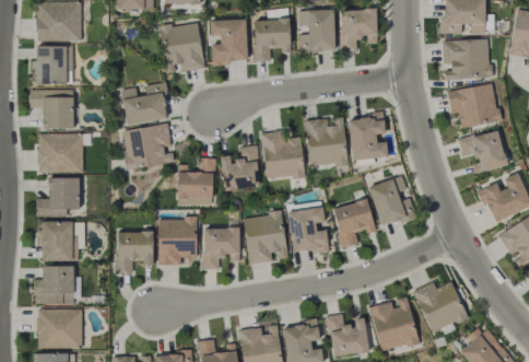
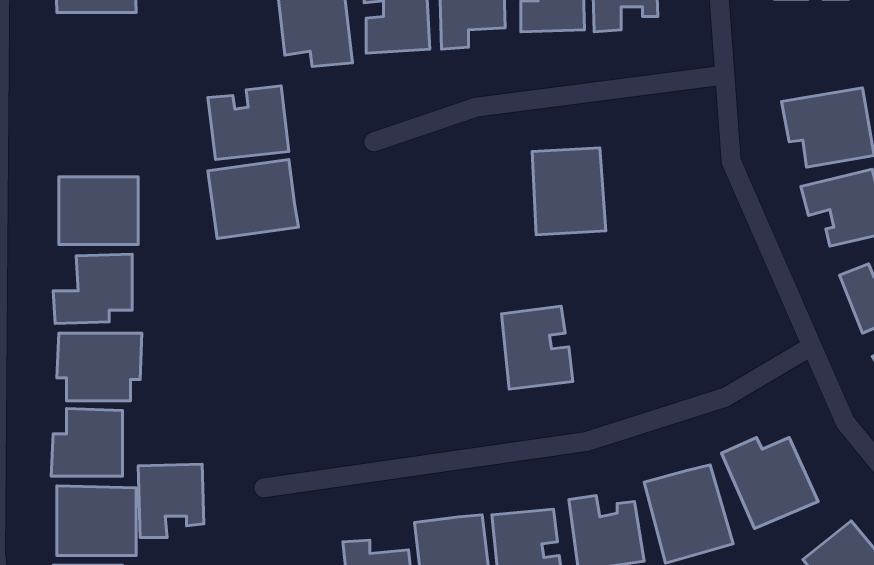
building: [443,38,491,80] -> none
building: [32,46,73,84] -> none
building: [30,89,74,129] -> none
building: [349,115,388,160] -> none
building: [261,130,305,179] -> none
building: [221,144,260,190] -> none
building: [177,157,214,205] -> none
building: [368,175,415,226] -> none
building: [332,198,376,247] -> none
building: [243,211,289,264] -> none
building: [158,218,197,265] -> none
building: [202,227,240,269] -> none
building: [117,231,154,272] -> [138,464,204,537]

